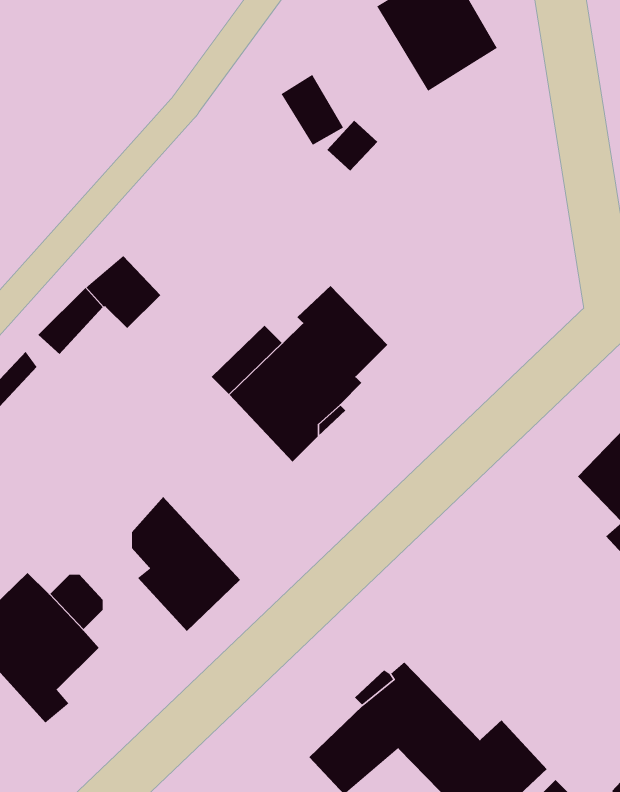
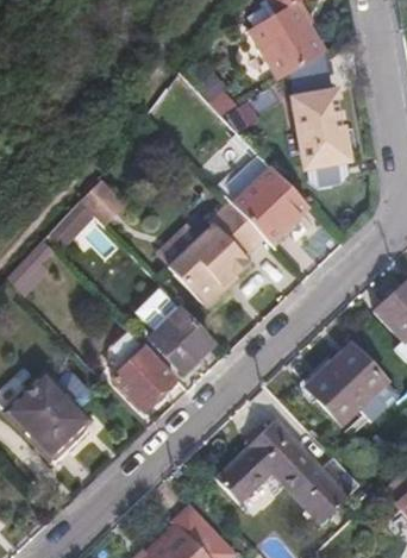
building: none -> [295,98,358,183]
building: none -> [220,165,307,242]
building: none -> [145,287,214,368]
building: none -> [303,346,382,424]

